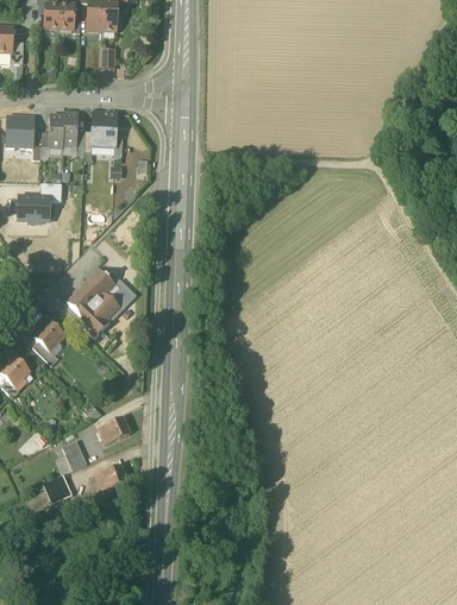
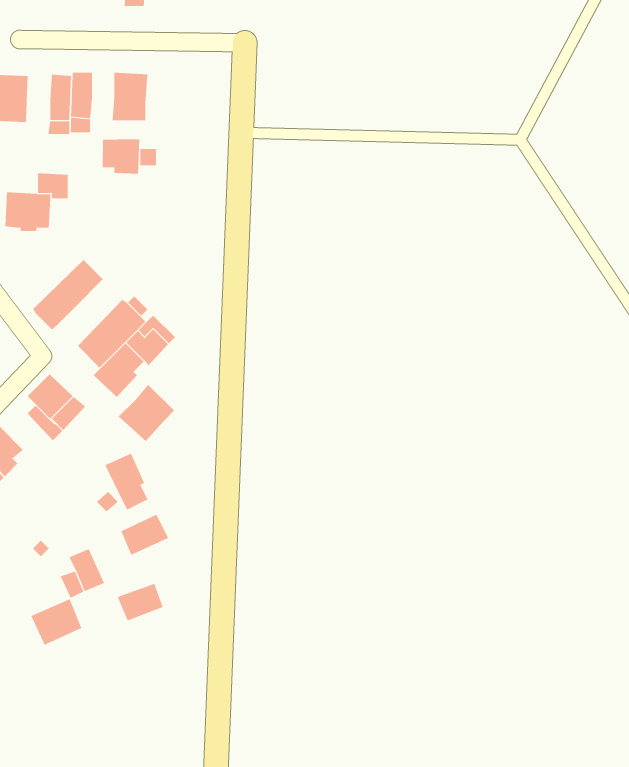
building: none -> [102,139,140,174]
building: none -> [32,259,103,331]
building: none -> [118,384,175,442]
building: none -> [104,453,148,511]

